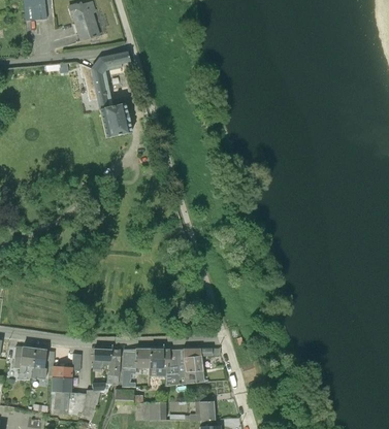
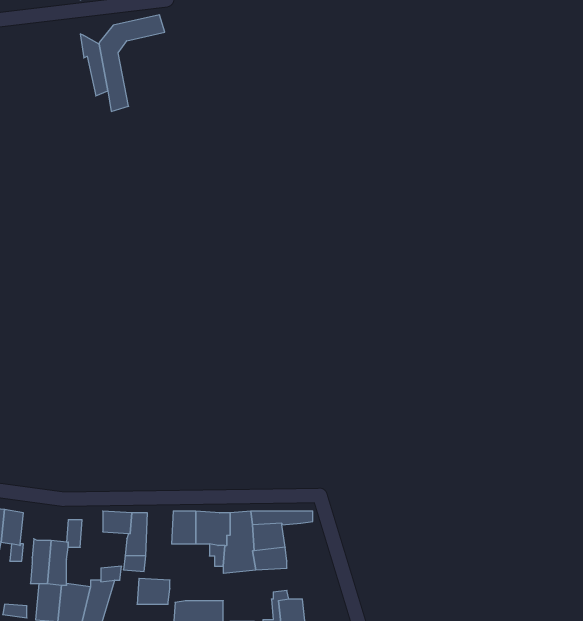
building: [98,103,132,138] -> none
building: [121,349,149,388] -> none

